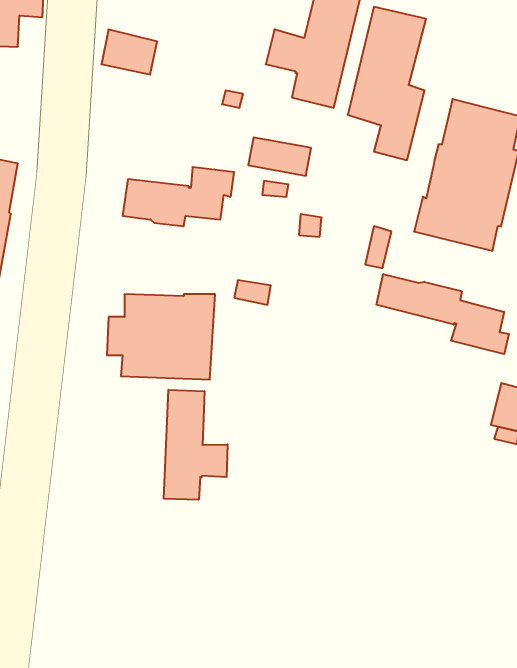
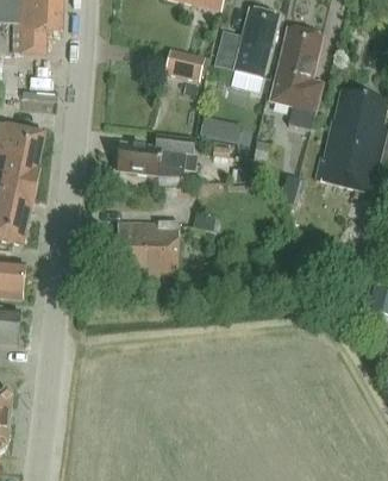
building: [101,29,157,75] -> [165,50,204,81]
building: [377,274,509,354] -> none
building: [164,390,227,500] -> none

